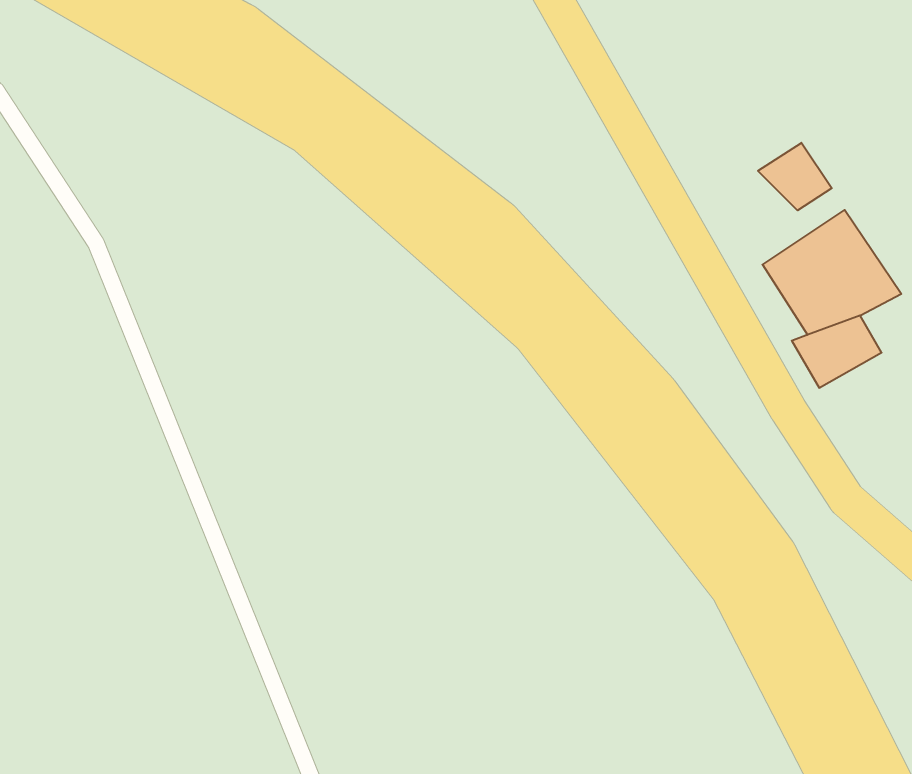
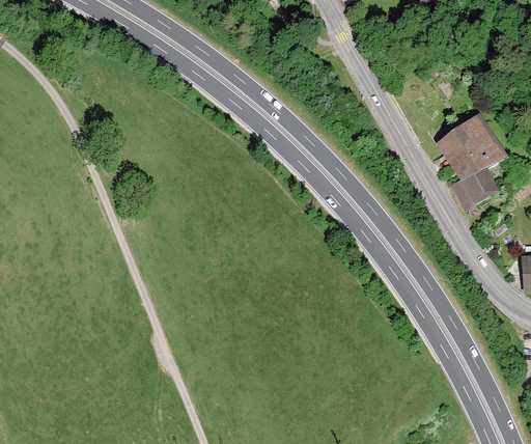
building: [758,143,832,210] -> none

